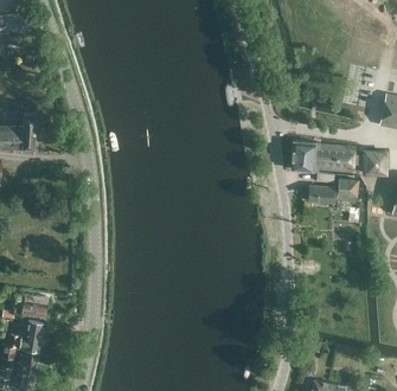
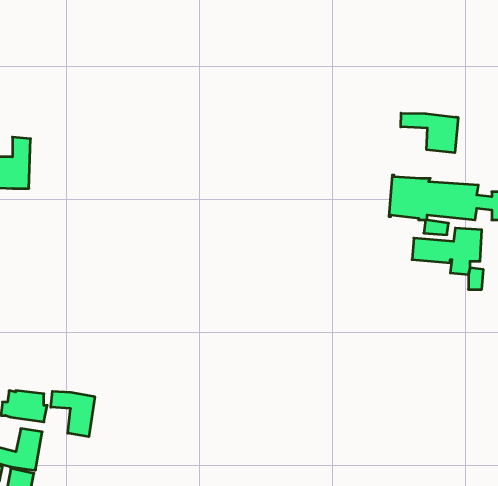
building: none -> [401,113,458,153]
building: none -> [51,391,95,437]

